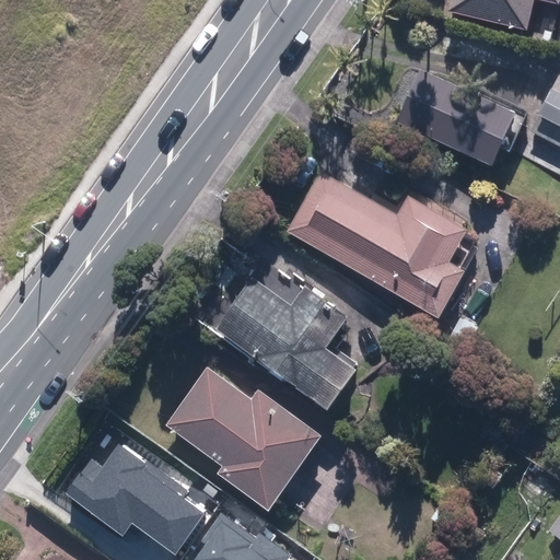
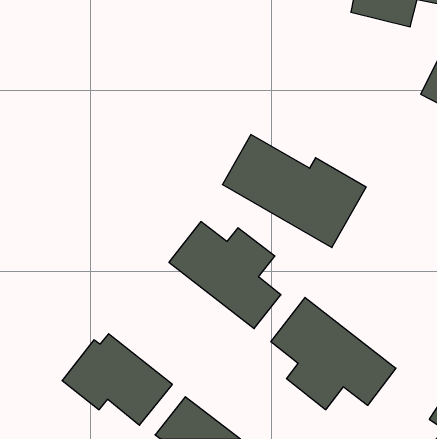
building: [396,69,520,168] -> none
building: [165,363,323,510] -> none
building: none -> [271,297,396,410]

